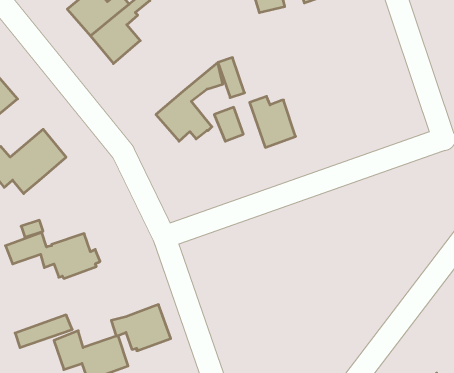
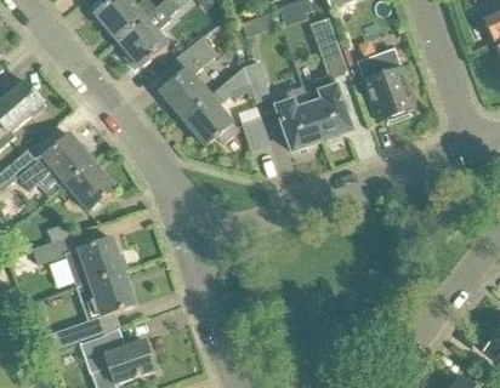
building: none -> [159,34,217,118]
building: none -> [305,40,352,142]
building: none -> [359,47,415,122]
building: none -> [66,160,114,210]
building: [111,305,171,351] -> [75,269,135,315]

